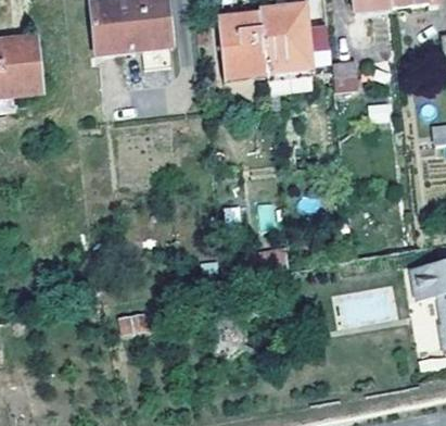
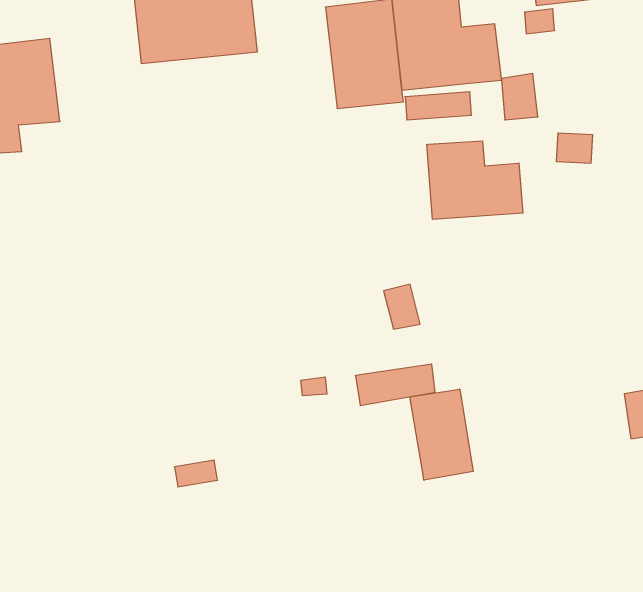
building: none -> [427,141,523,219]
building: none -> [410,389,473,480]

